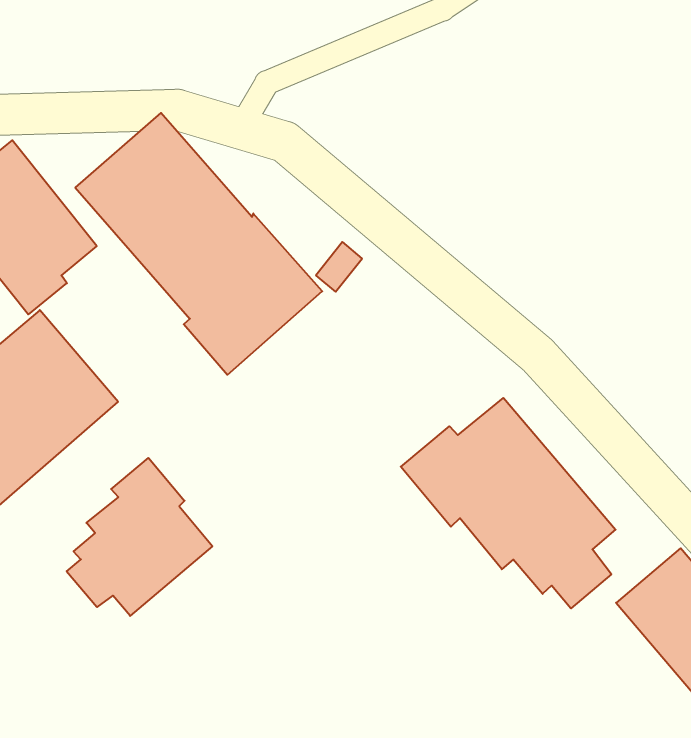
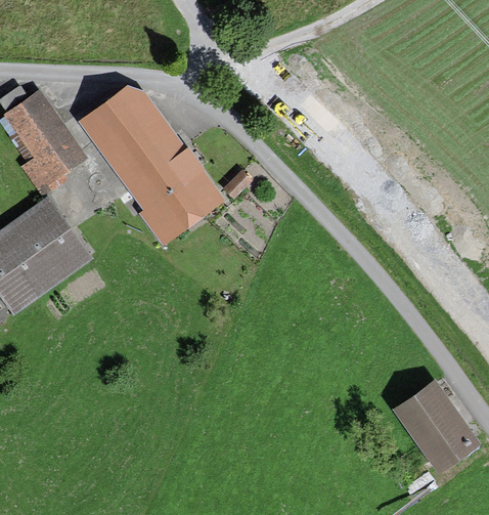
building: [401,398,616,608] -> none
building: [67,458,212,616] -> none

